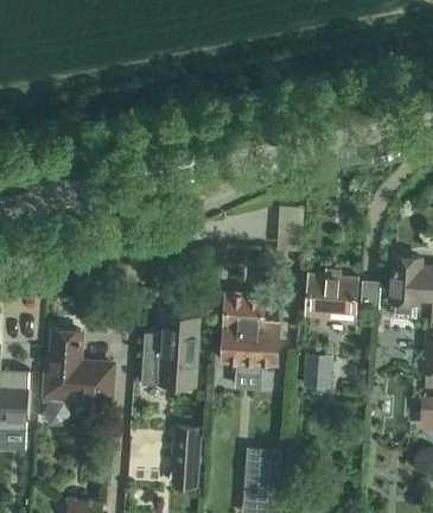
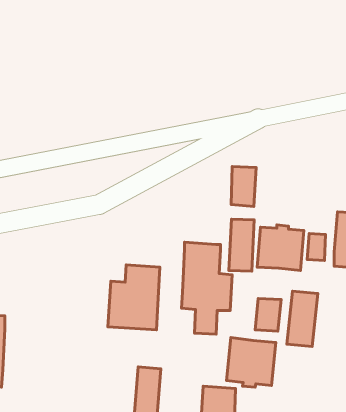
building: none -> [229,219,254,271]
building: [43,330,112,425] -> none
building: none -> [287,291,318,346]
building: none -> [226,337,276,387]

